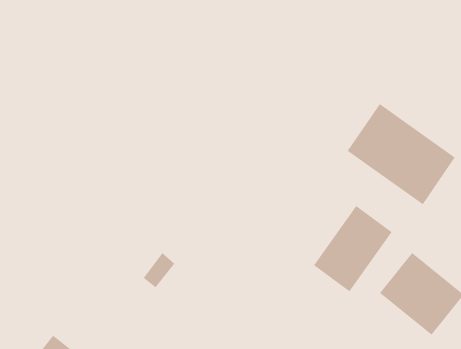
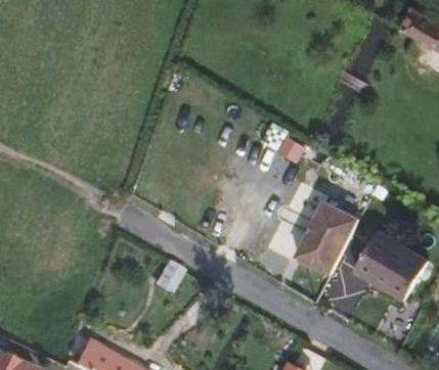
building: [347,103,456,205] -> none

